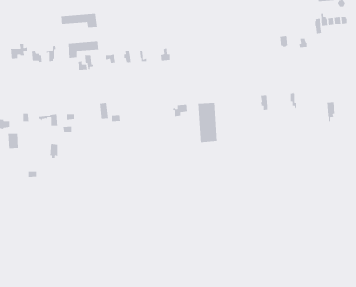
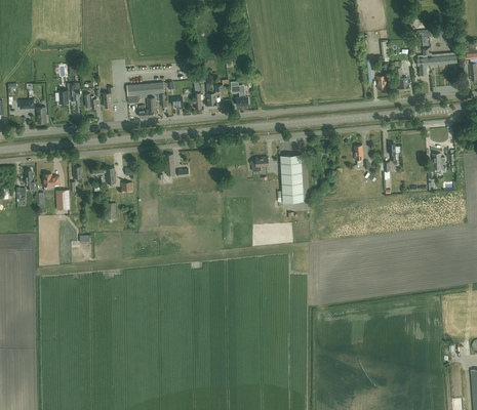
building: [60,13,98,28] -> none

